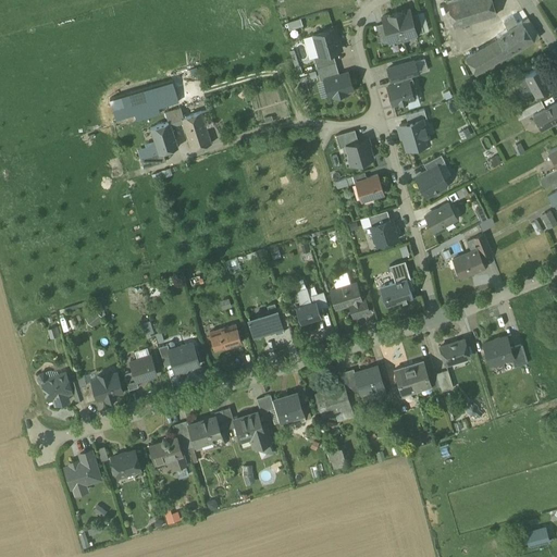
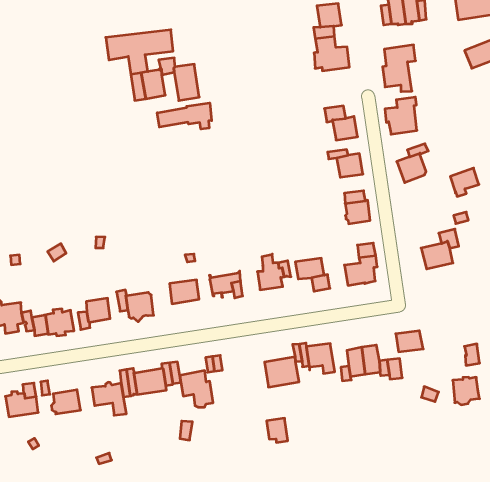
building: none -> [157,103,212,129]
building: [426,205,456,235] -> [450,168,479,196]
building: [484,338,513,368] -> [453,377,480,405]
building: [275,394,304,419] -> none

